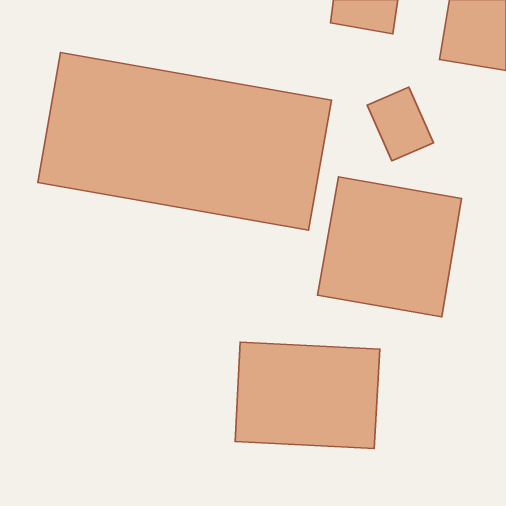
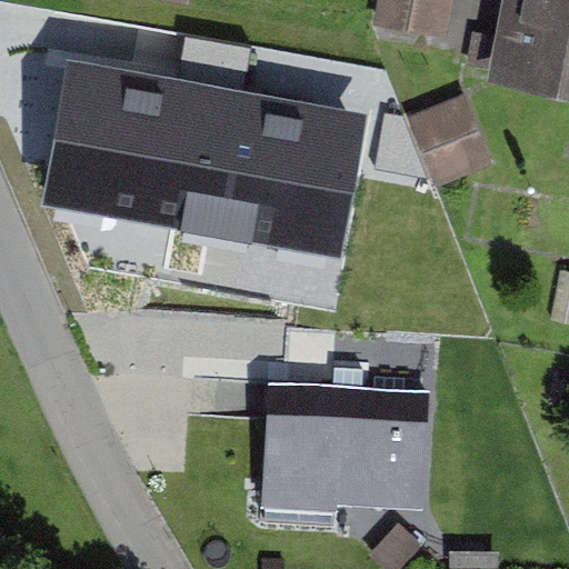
building: [318,177,462,317] -> none

